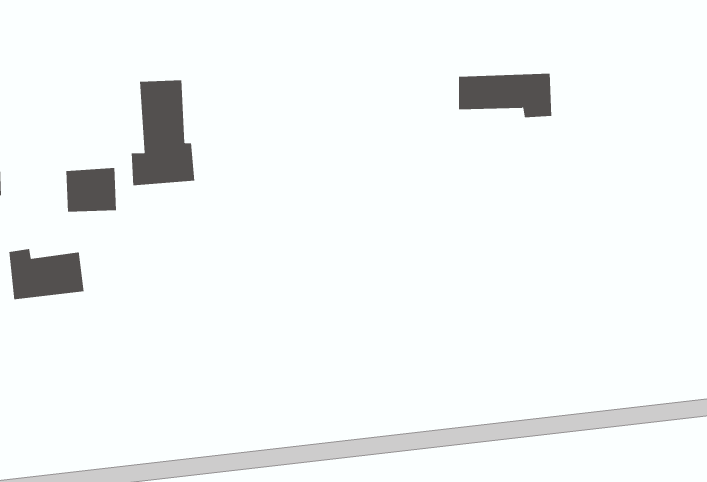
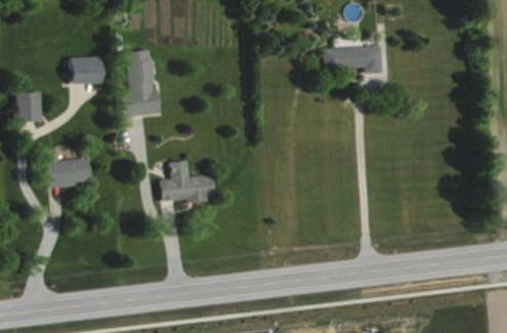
building: [65,167,117,212] -> [61,56,93,84]
building: none -> [153,161,208,202]

